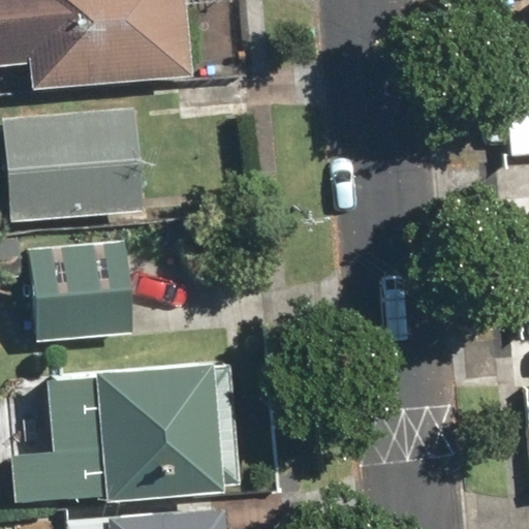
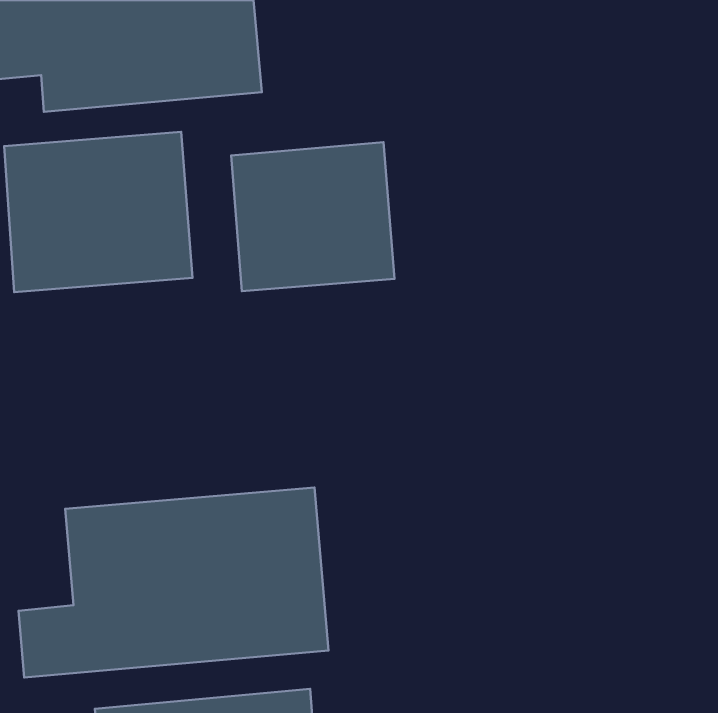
building: none -> [231,142,394,291]
building: [28,243,127,342] -> none

